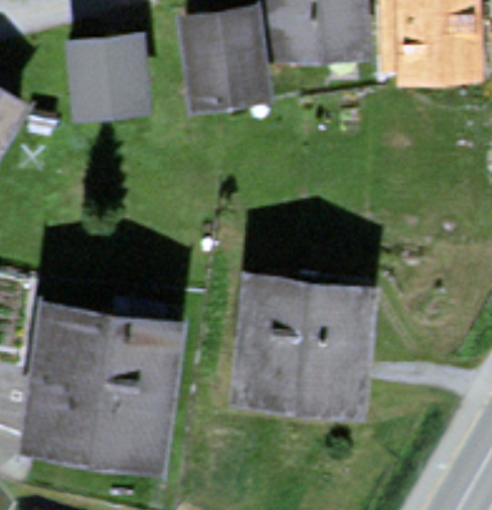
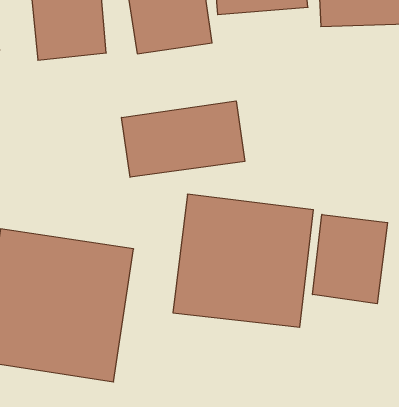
building: none -> [122,101,245,177]
building: none -> [313,214,388,304]

